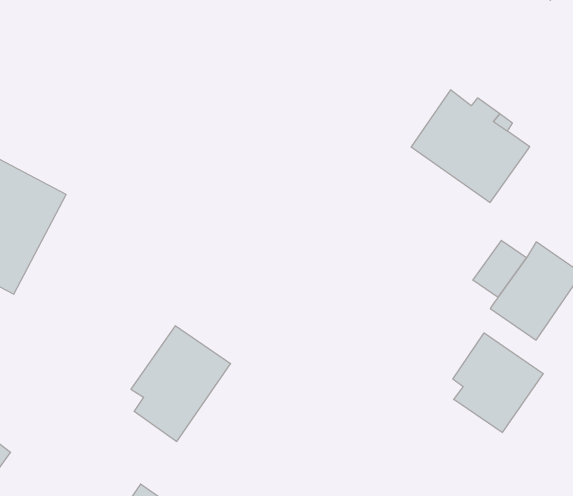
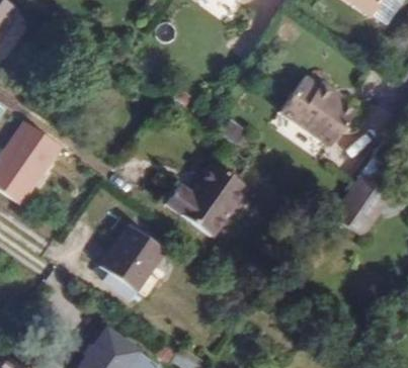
building: none -> [169,163,249,237]
building: [453,333,543,433] -> none

